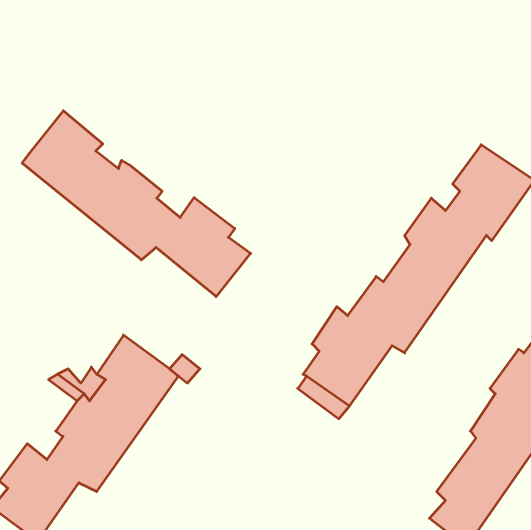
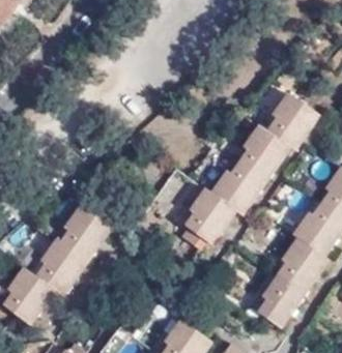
building: [22,111,251,297] -> none

